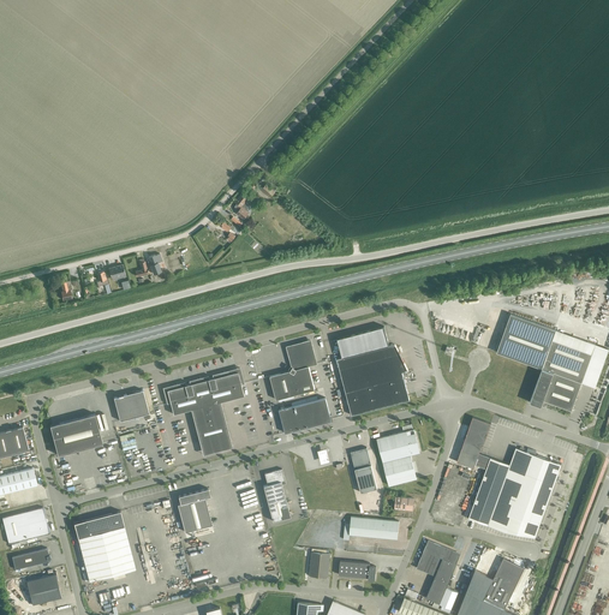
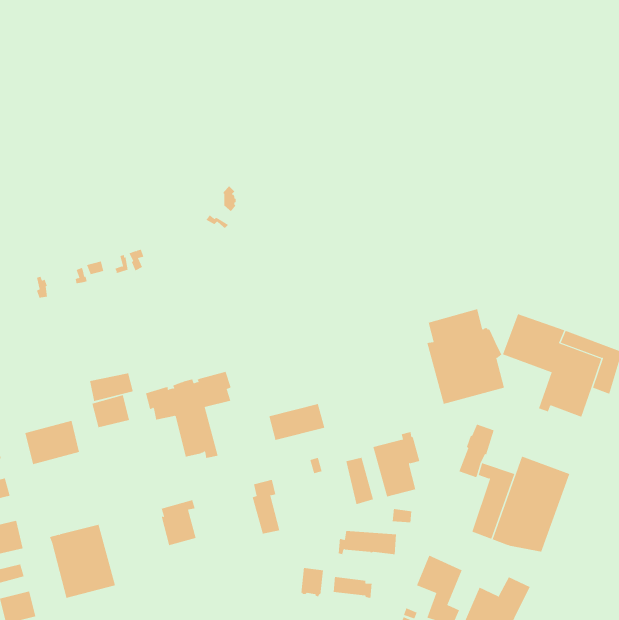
building: [335,327,408,417] -> [426,308,505,405]
building: [269,341,315,401] -> none
building: none -> [89,372,133,402]

